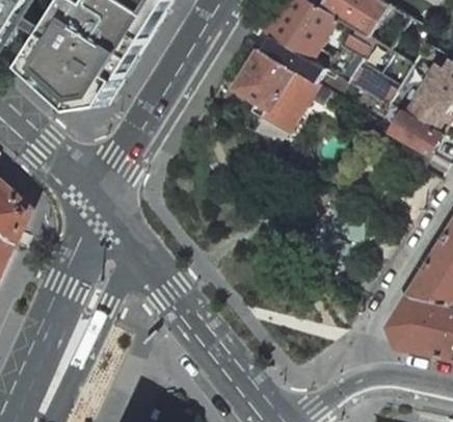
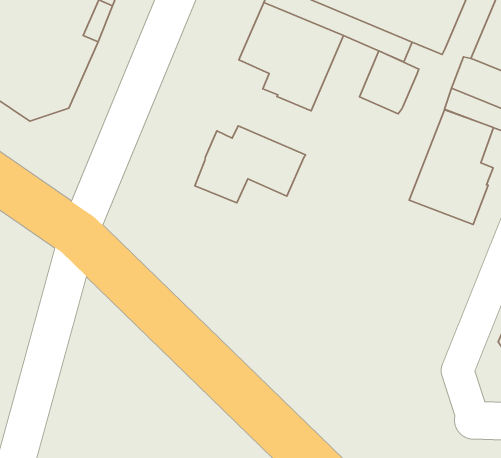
building: none -> [359,51,419,114]
building: none -> [195,126,305,203]
building: none -> [409,110,494,224]

